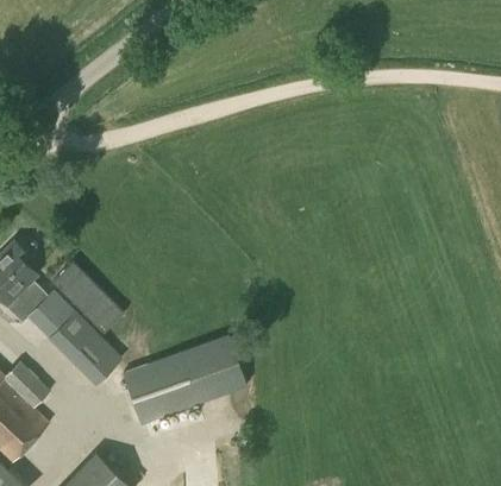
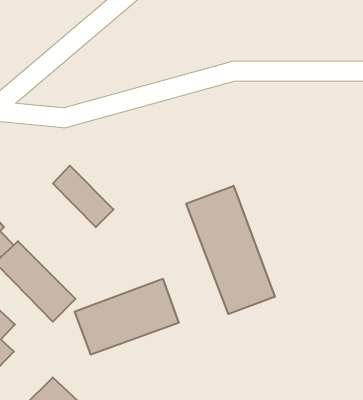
building: none -> [186,186,275,314]
building: [51,263,124,336] -> [53,166,114,227]

